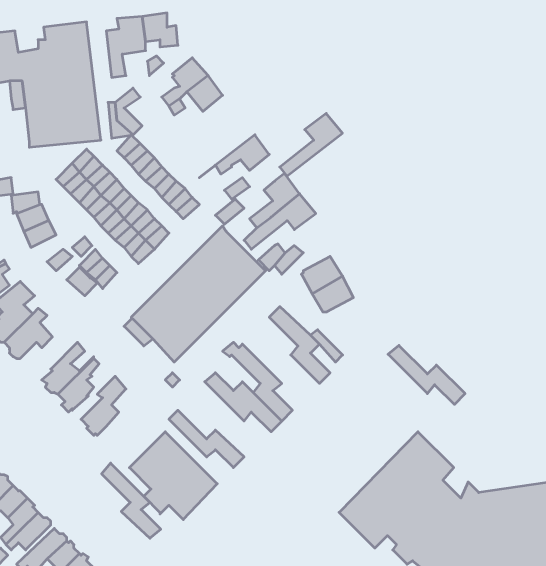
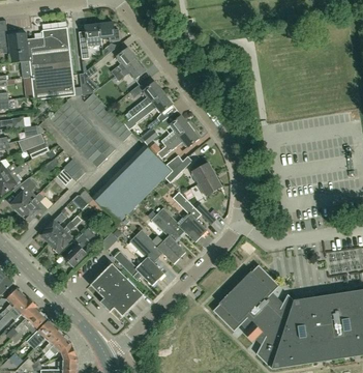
building: [280,113,342,176] -> [127,81,163,117]
building: [388,345,465,404] -> [156,208,201,242]
building: [102,463,161,538] -> [129,235,163,279]

